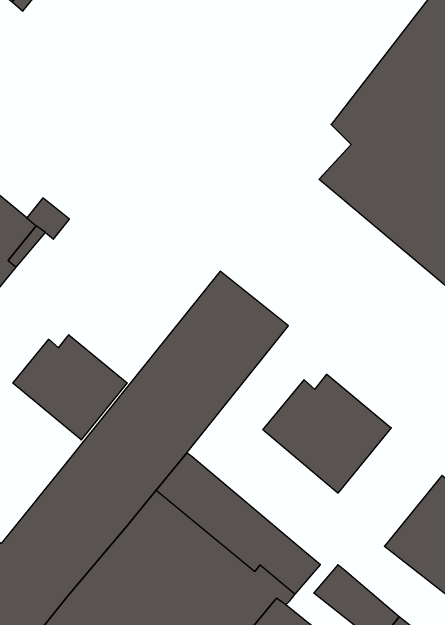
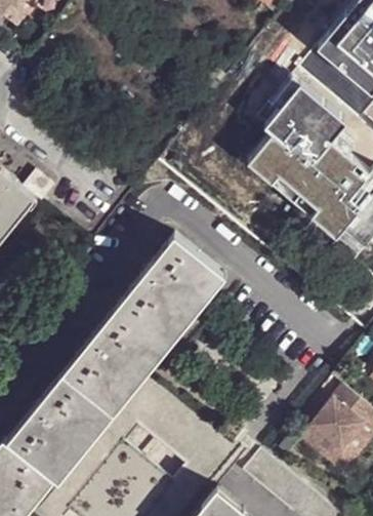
building: [13,335,127,440] -> none
building: [263,374,391,493] -> none

